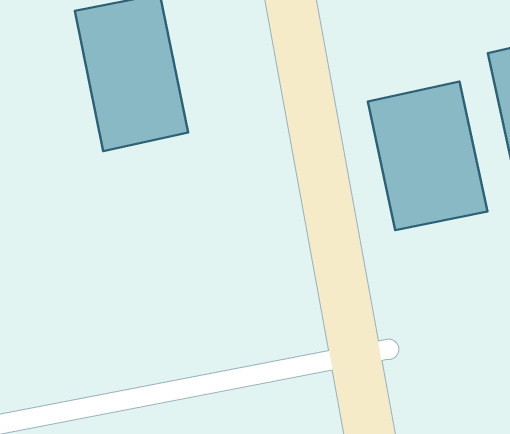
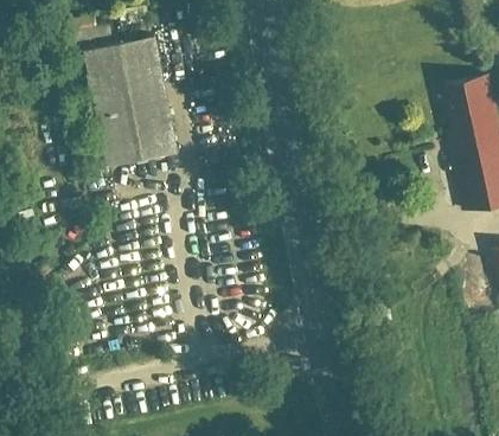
building: [368,82,487,230] -> none

